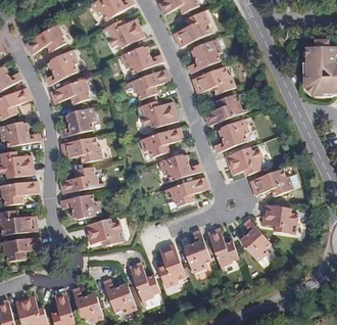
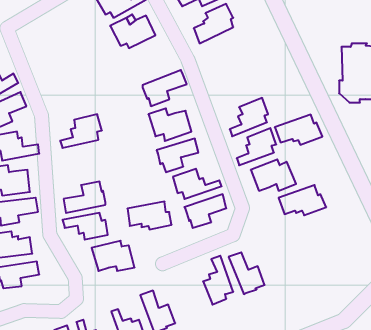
building: [27,25,65,53] -> none
building: [187,37,222,72] -> none
building: [118,47,161,74] -> none
building: [44,49,78,85] -> none
building: [193,65,235,92] -> [275,115,322,145]
building: [51,78,90,103] -> none
building: [62,136,101,160] -> [127,202,172,229]
building: [260,203,294,233] -> none
building: [241,218,269,260] -> none
building: [158,245,185,287] -> none

